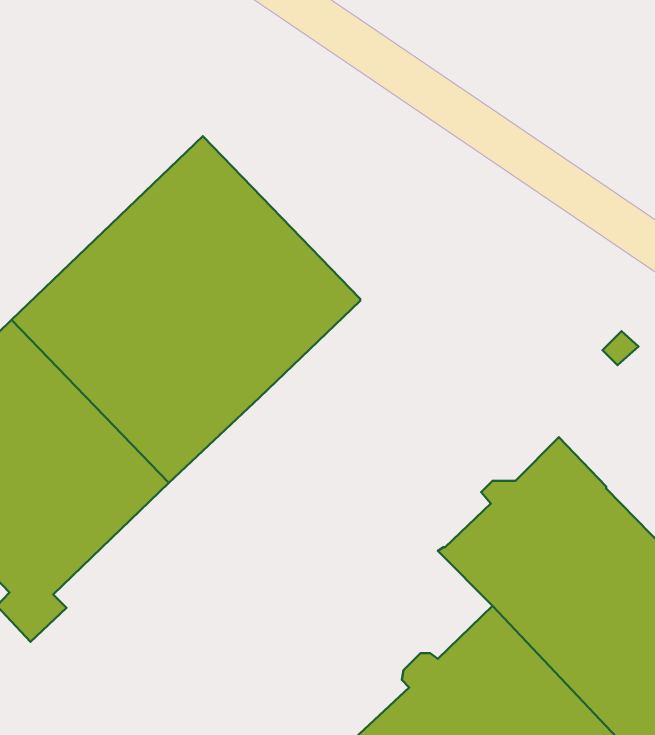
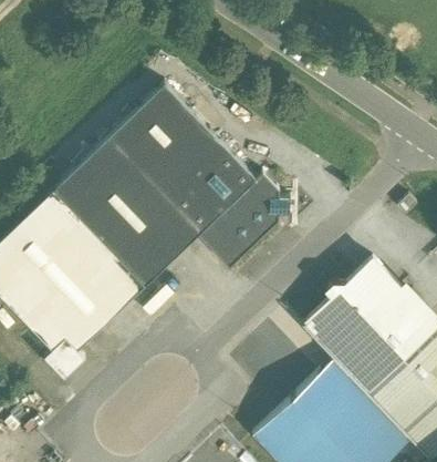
building: none -> [197,173,289,269]

